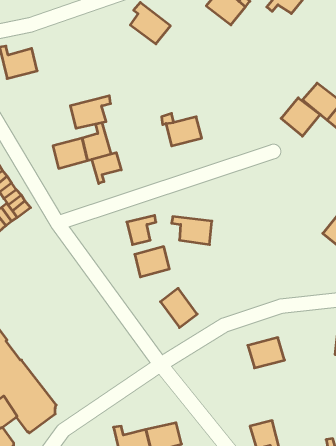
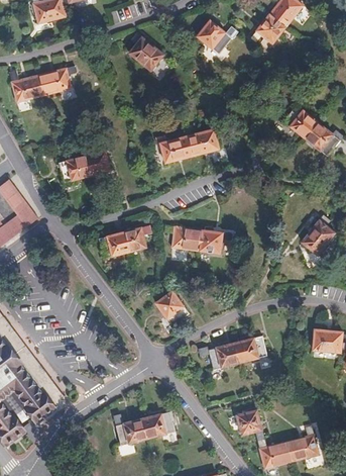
building: [70,96,111,128] -> [39,66,76,95]
building: [281,98,320,136] -> none
building: none -> [188,120,220,156]
building: [92,153,121,184] -> none
building: none -> [200,230,232,255]
building: [135,247,169,277] -> [99,231,130,259]
building: none -> [208,343,240,370]

